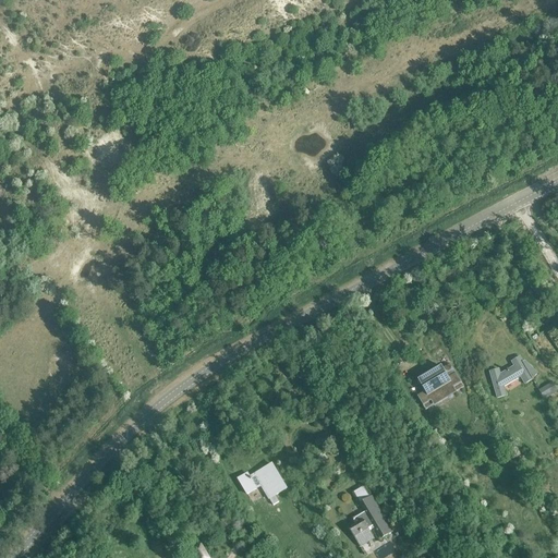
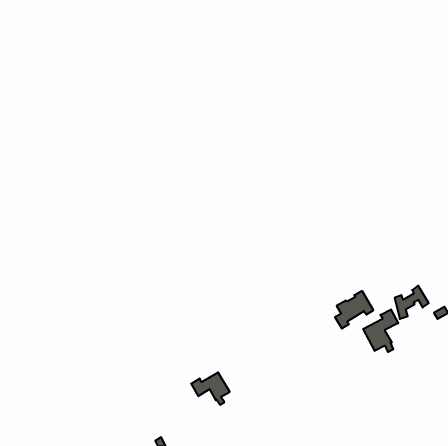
building: none -> [363,309,398,352]
building: [350,496,391,545] -> none

